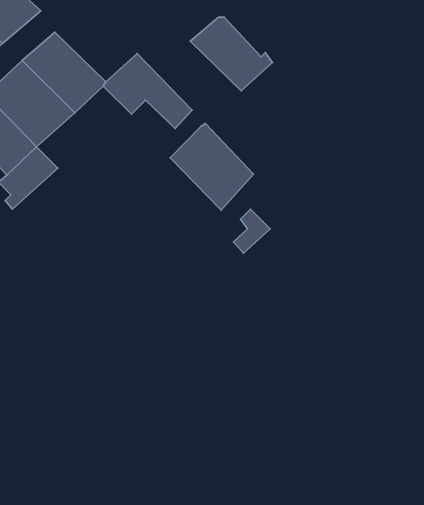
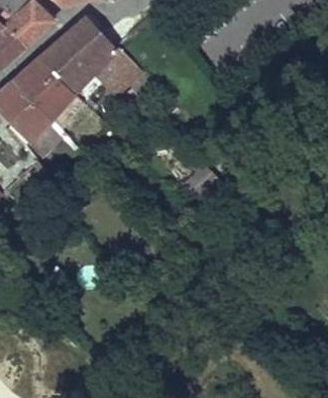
building: [190,17,272,91] -> [62,19,120,72]
building: [170,123,254,210] -> none

